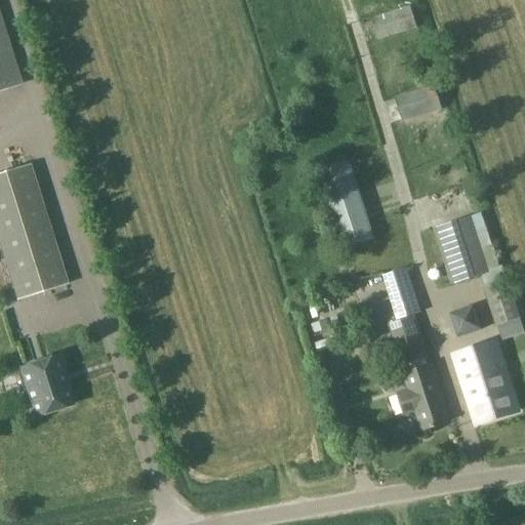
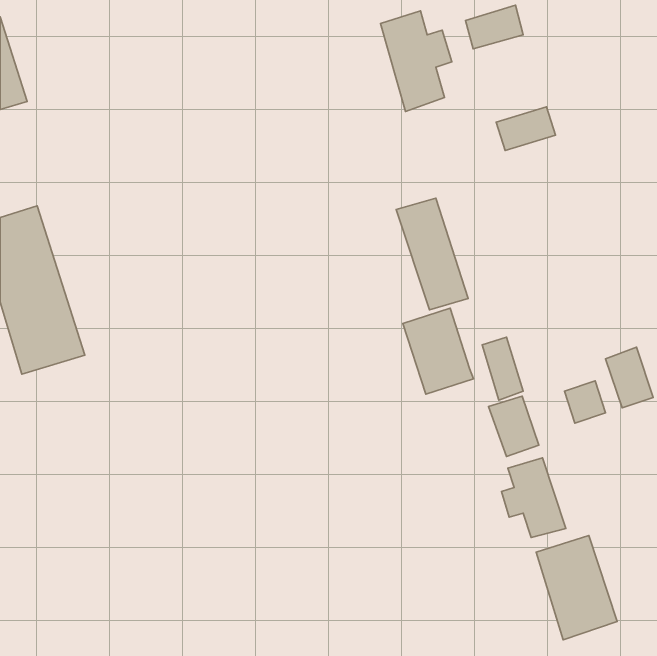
building: none -> [381,11,452,111]
building: [434,214,490,283] -> [403,308,473,394]
building: [454,341,519,425] -> [536,535,617,640]
building: [18,356,72,414] -> none

